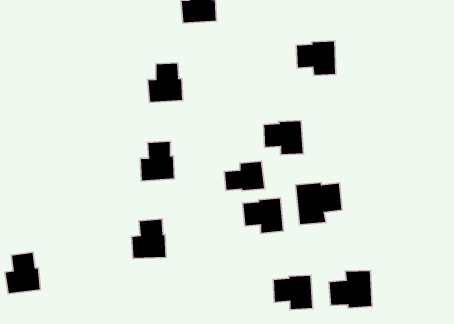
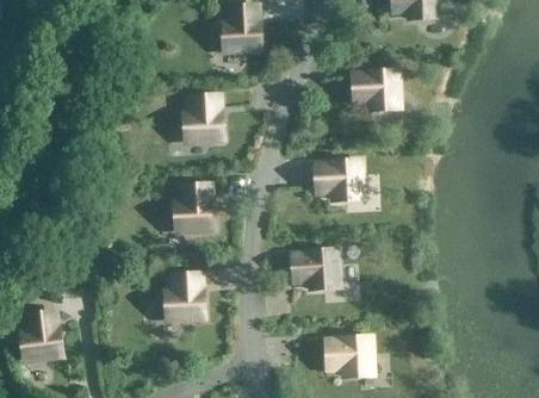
building: [224,161,265,191] -> none
building: [296,182,342,225] -> none
building: [329,271,372,308] -> none

